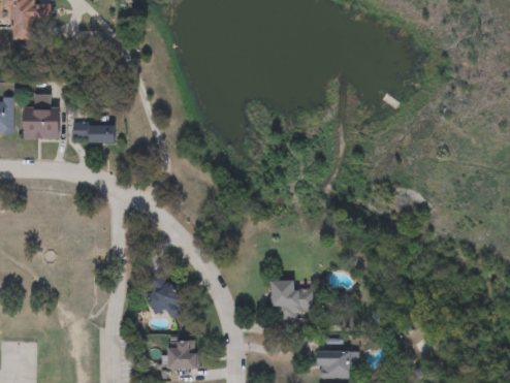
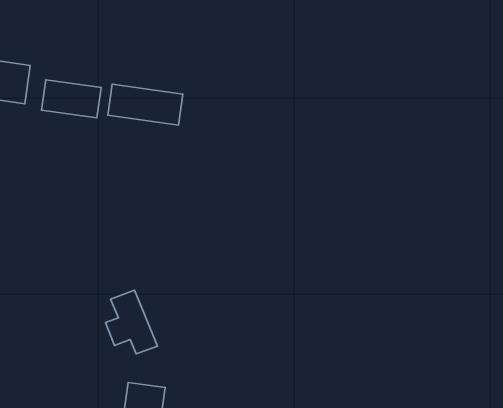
building: none -> [108,84,183,125]
building: [270,280,313,314] -> none

